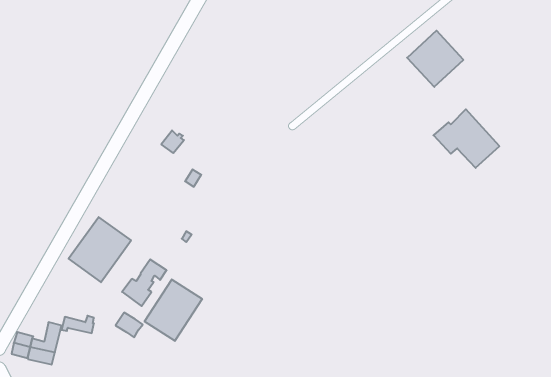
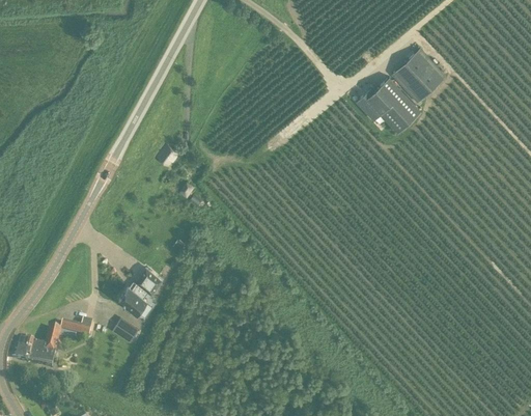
building: [433,109,499,168] -> [358,76,421,132]
building: [69,217,131,282] -> none
building: [145,279,202,341] -> none

